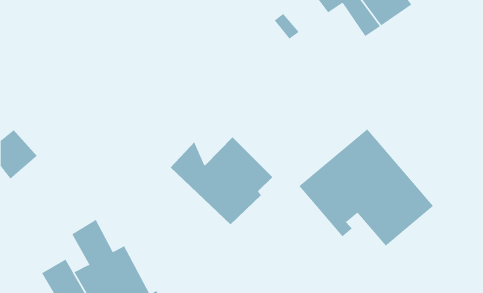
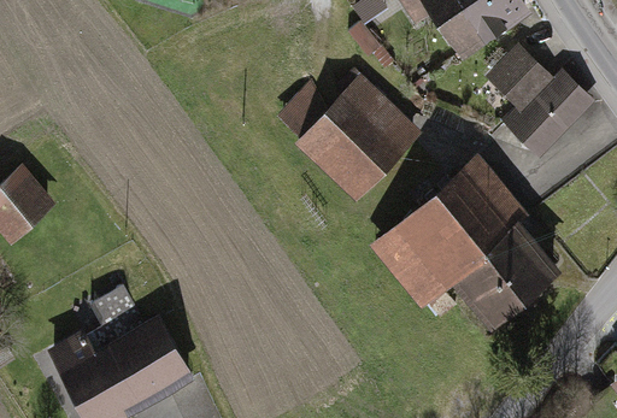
building: none -> [495,53,548,106]
building: none -> [517,78,587,148]
building: [170,136,273,225] -> [282,77,413,190]

